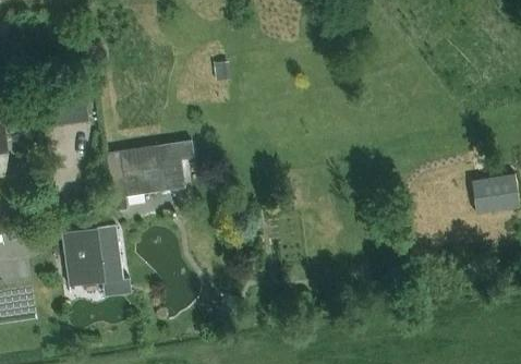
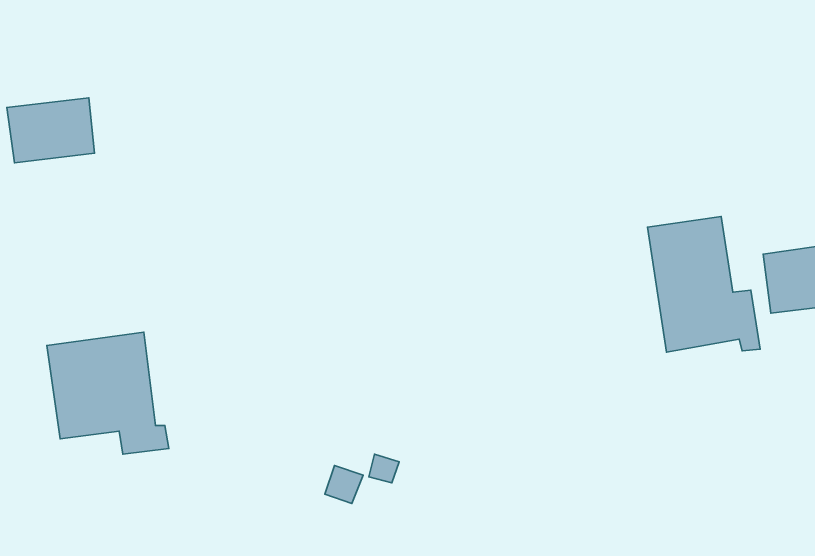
building: [108,142,193,206] -> none
building: none -> [648,216,760,352]

